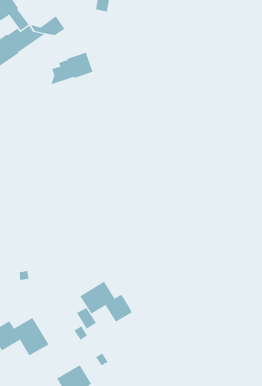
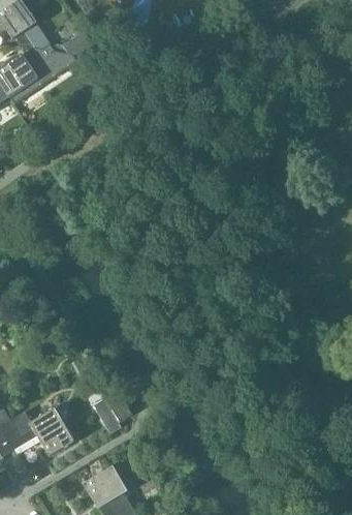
building: [51,52,93,85] -> none
building: [80,281,133,323] -> none

